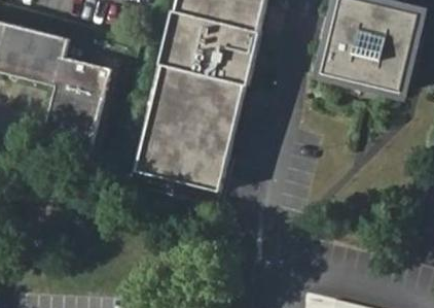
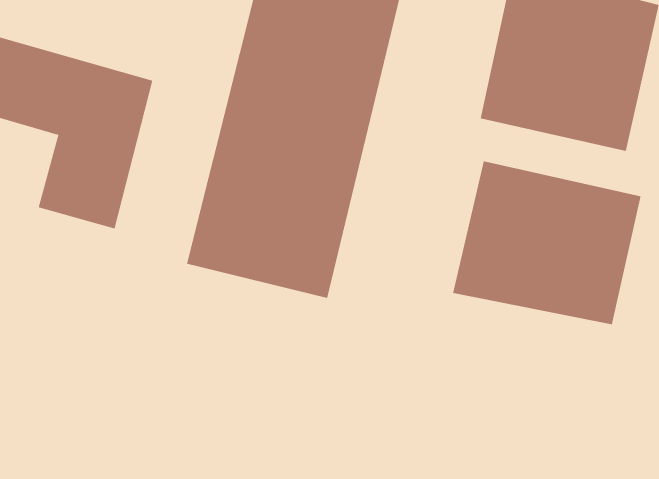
building: none -> [452,161,641,325]

